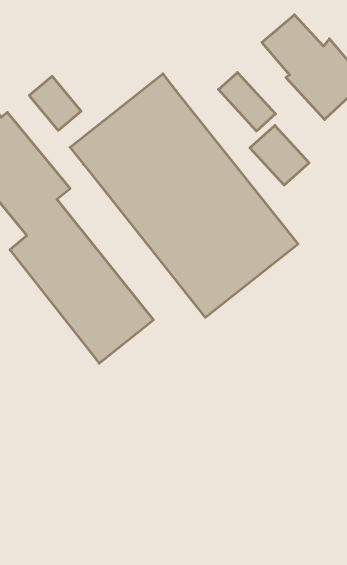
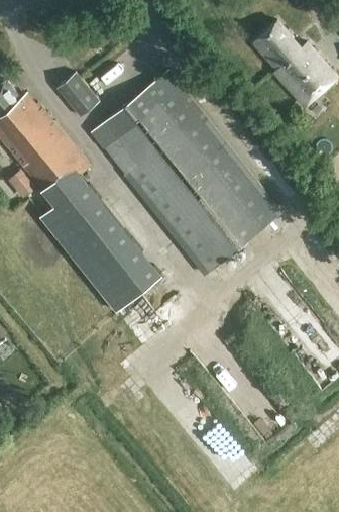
building: [218,72,276,131] -> none
building: [250,125,309,185] -> none

